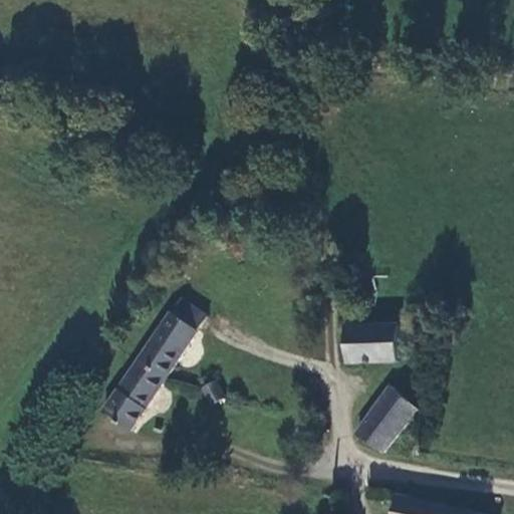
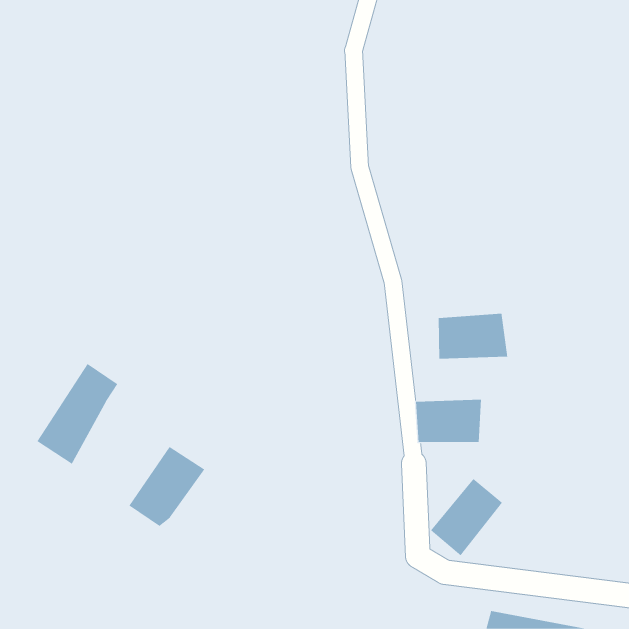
building: none -> [438,313,508,360]
building: [138,299,204,381] -> [36,363,118,465]

